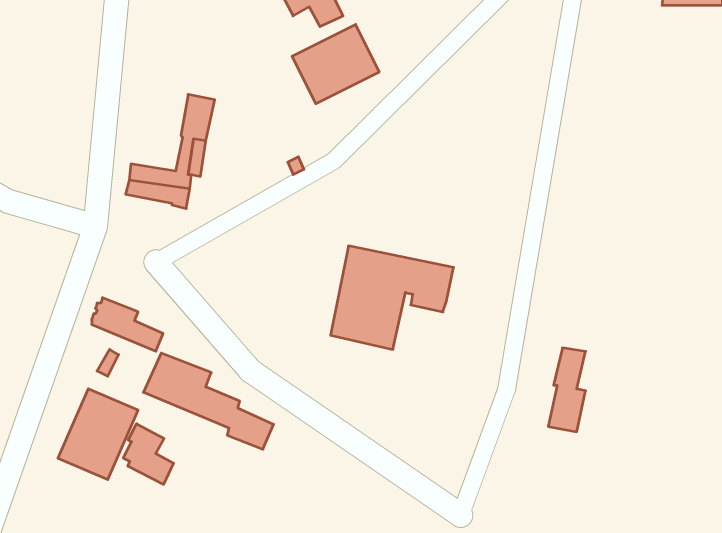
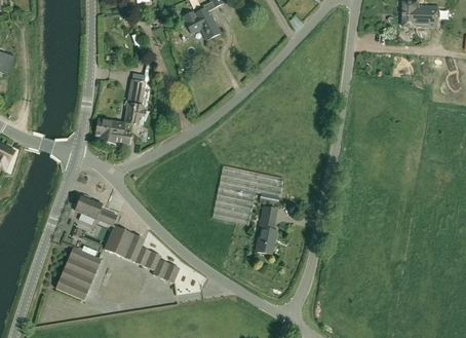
building: [292,24,379,104] -> none
building: [548,348,586,432] -> [256,206,277,255]
building: [123,424,174,484] -> none

